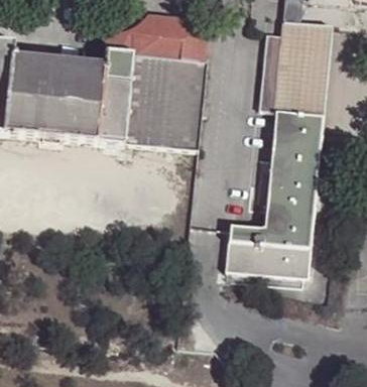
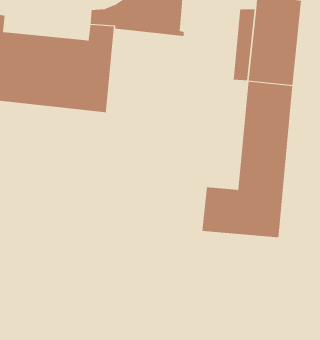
building: [125,53,208,148] -> none

